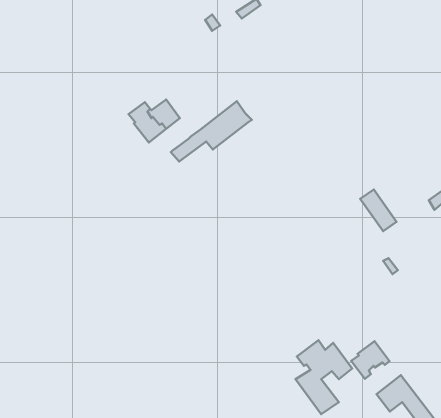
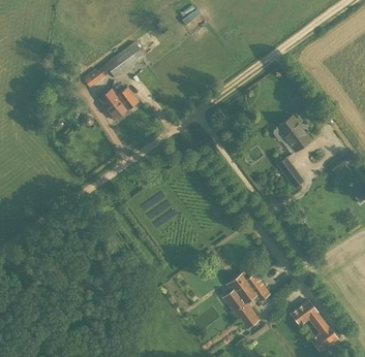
building: [171,101,252,162] -> [84,41,146,88]
building: none -> [274,115,311,152]
building: [351,341,389,379] -> none

